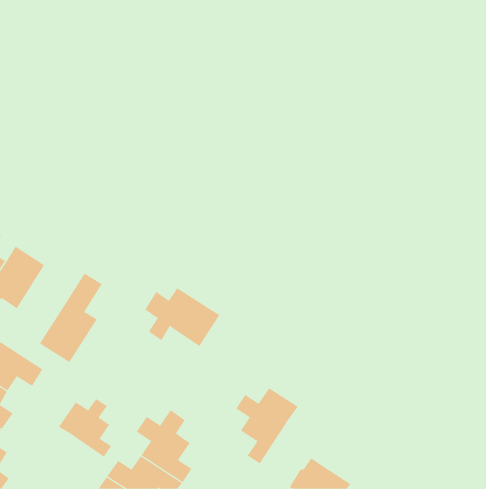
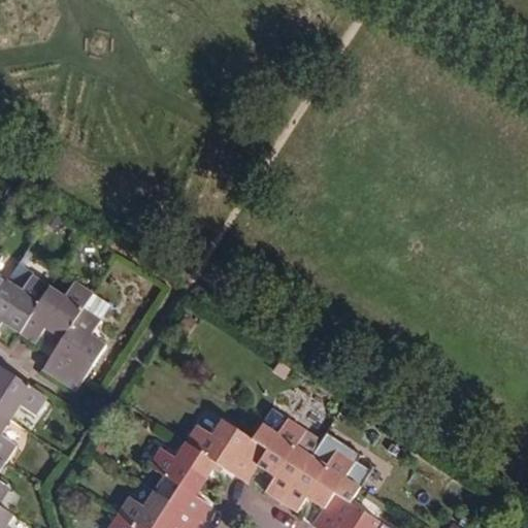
building: none -> [19,282,91,343]
building: [144,288,220,347] -> [187,420,268,484]
building: [58,398,112,457] -> none
building: none -> [280,449,360,510]

